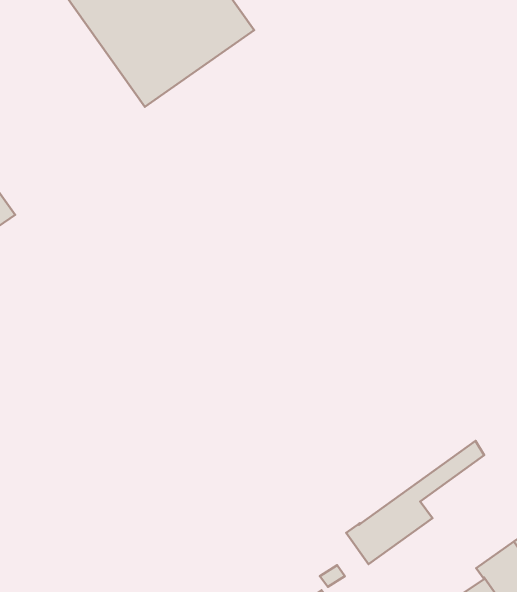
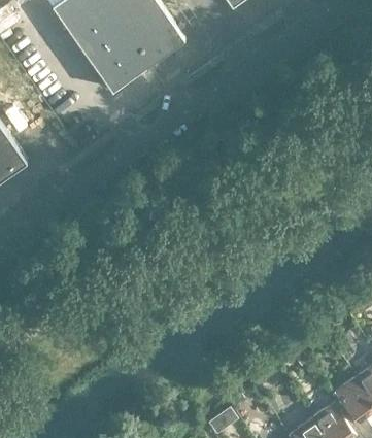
building: [346,441,484,564] -> none

